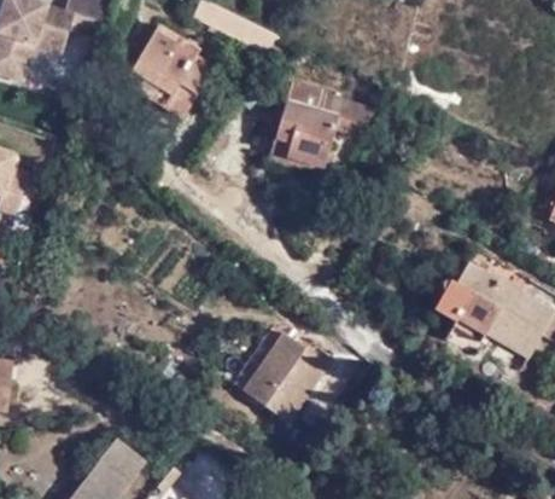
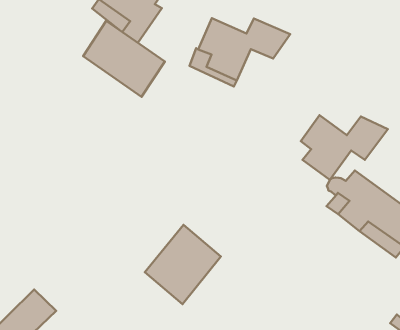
building: none -> [83,21,165,97]
building: none -> [301,115,388,180]

